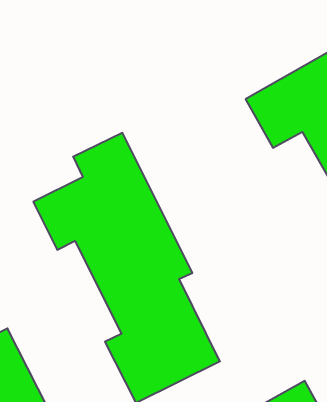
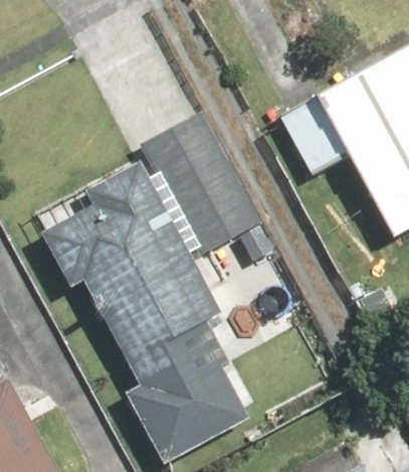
building: none -> [142,114,276,260]

